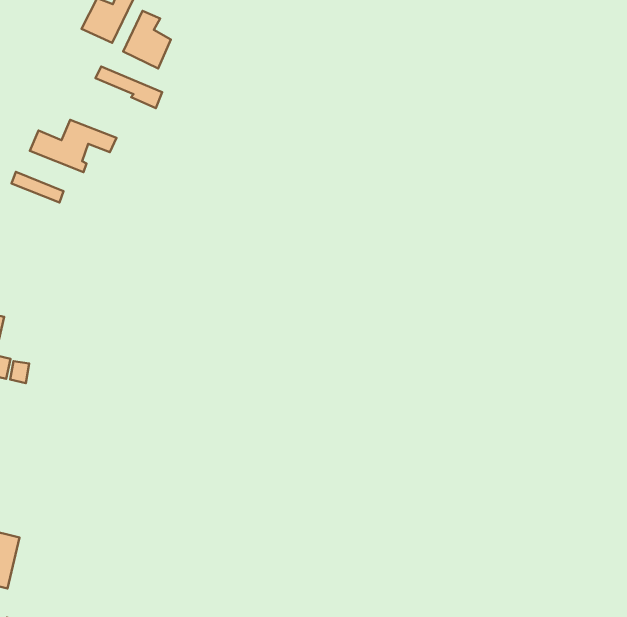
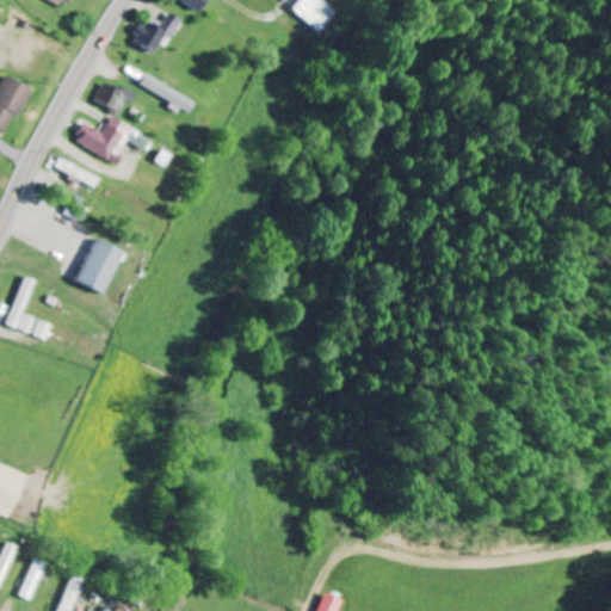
building: [123,11,171,69] -> none
building: none -> [94,82,136,112]
building: none -> [74,239,121,294]

